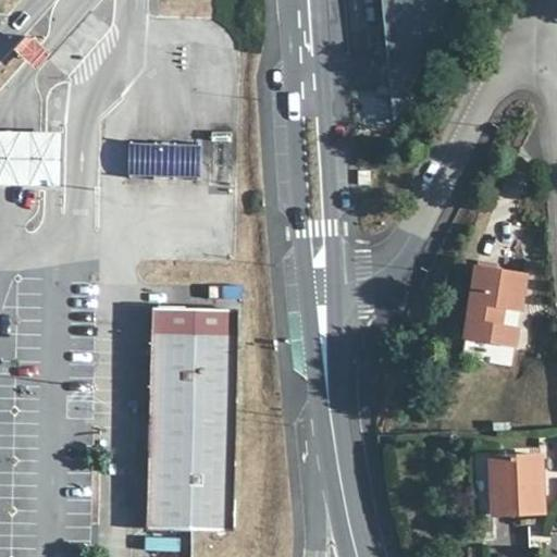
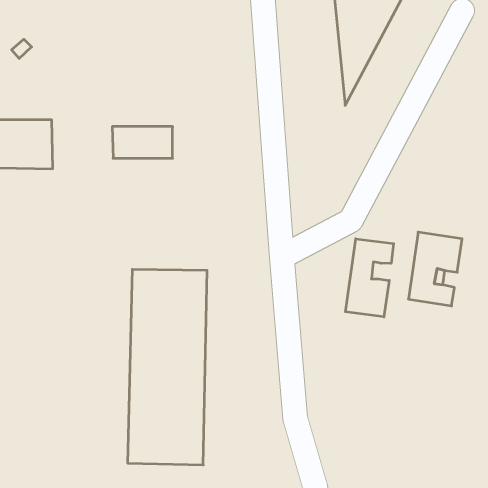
building: none -> [345,239,394,317]
building: [488,453,541,516] -> none

